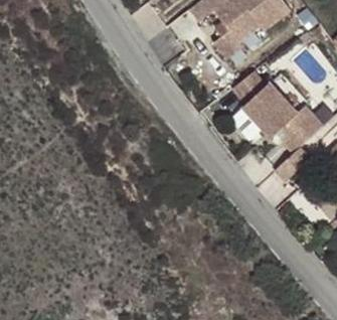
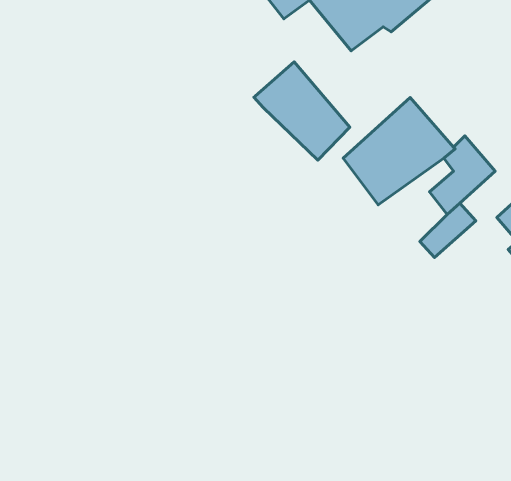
building: none -> [254,62,350,160]

